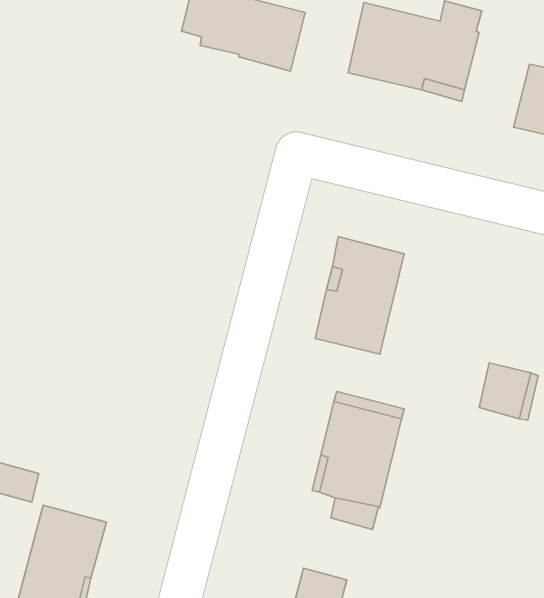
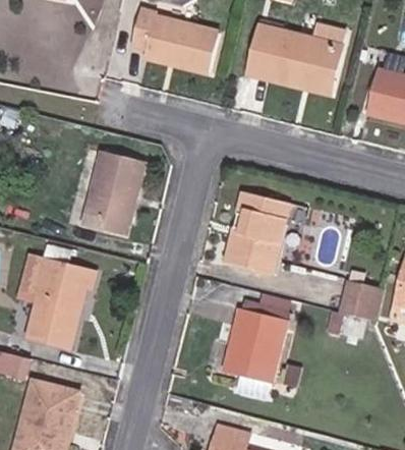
building: none -> [83,151,143,237]
building: none -> [21,257,95,346]

